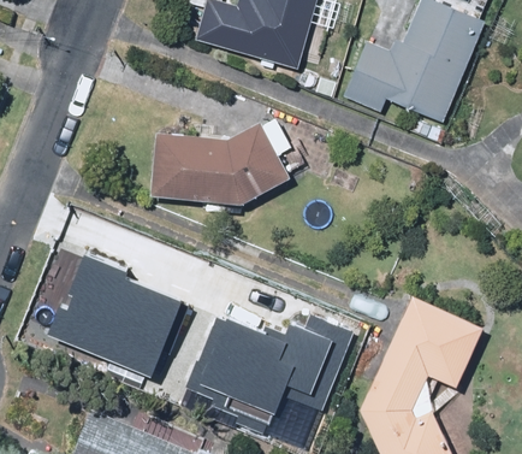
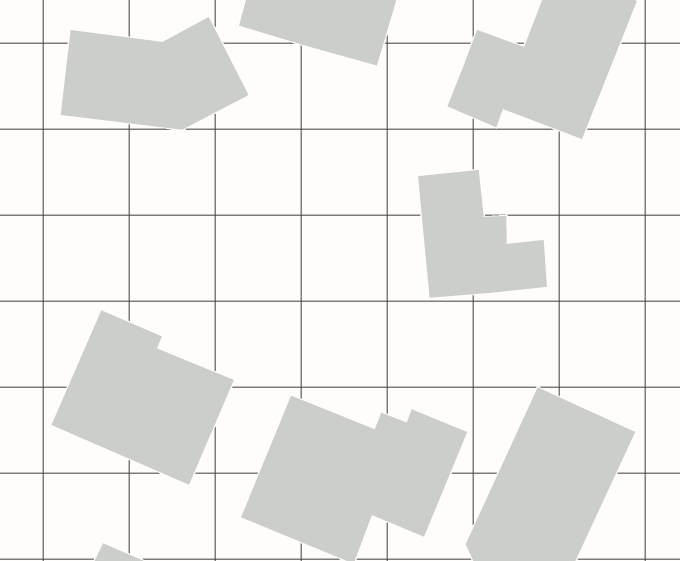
building: [149,124,285,206] -> [60,16,250,130]
building: none -> [418,169,548,298]

